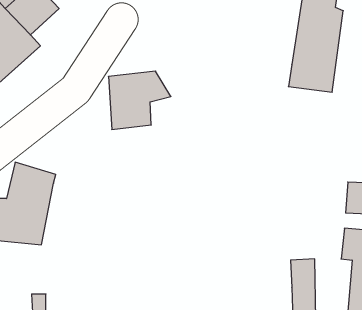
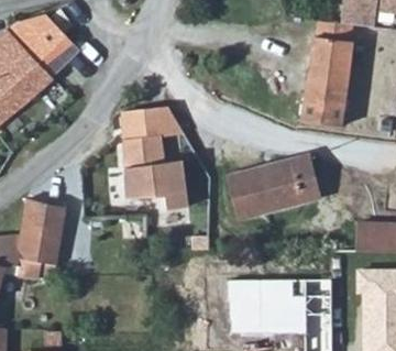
building: none -> [228,158,321,220]
building: none -> [123,160,187,210]
building: none -> [232,276,304,325]

